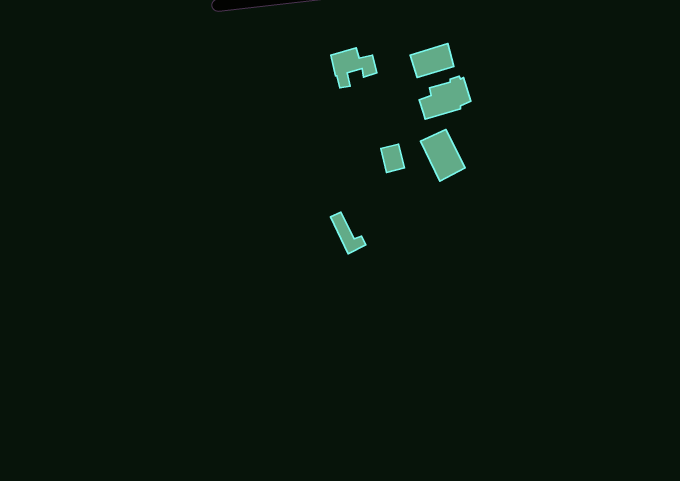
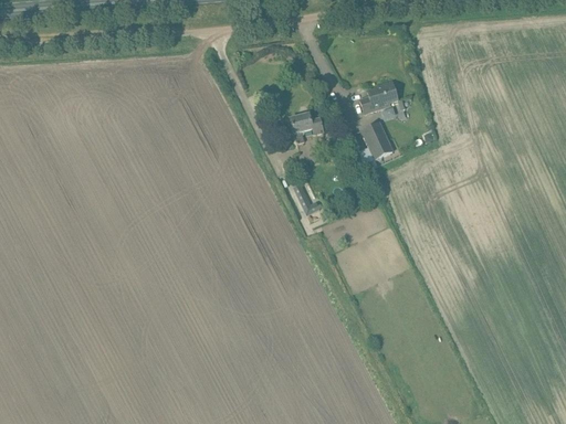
building: [410,43,454,78] -> none
building: [331,48,377,88] -> [290,110,324,140]

